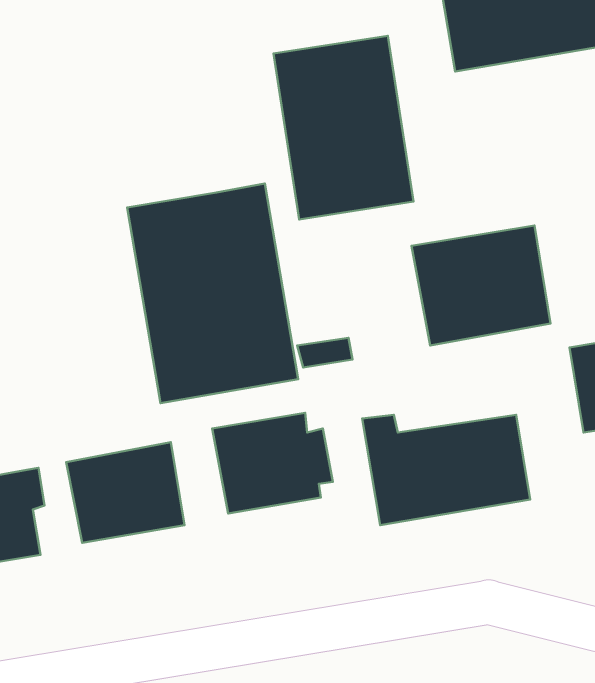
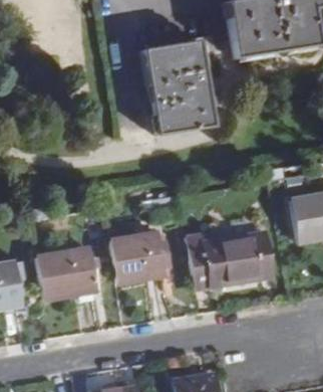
building: [127,184,298,403] -> none
building: [411,225,550,346] -> none

